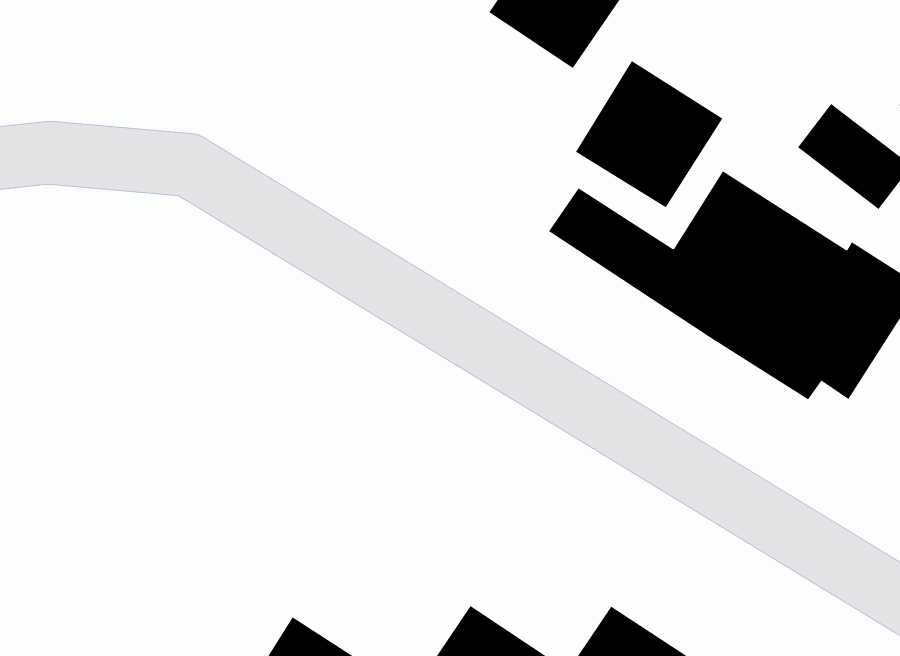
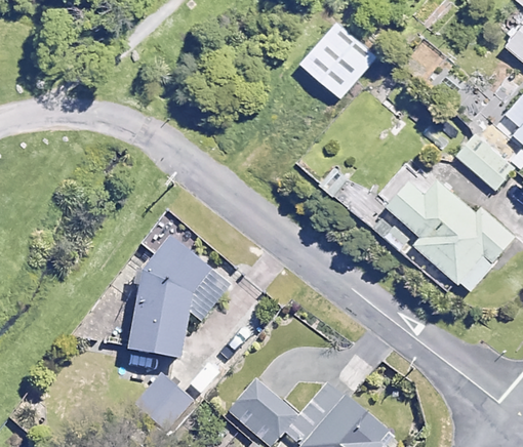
building: [575,60,723,208] -> none
building: none -> [126,238,227,358]

